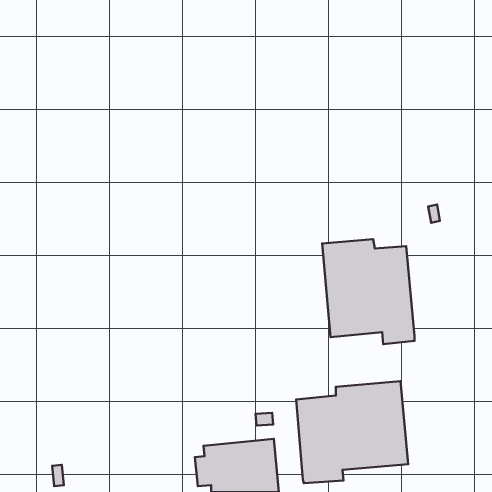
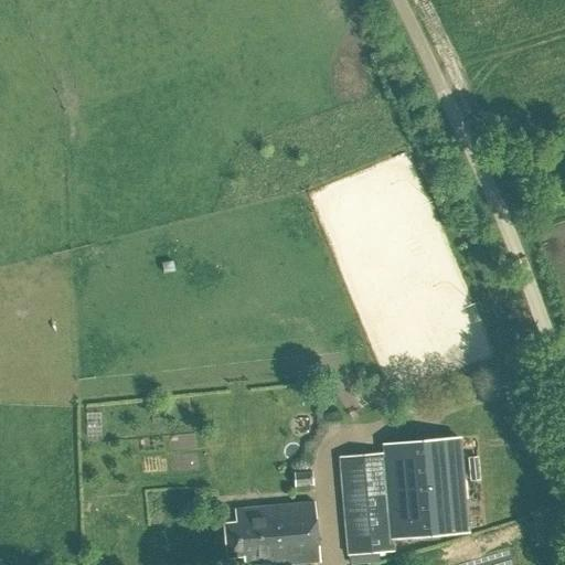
building: [322,239,414,344] -> none

